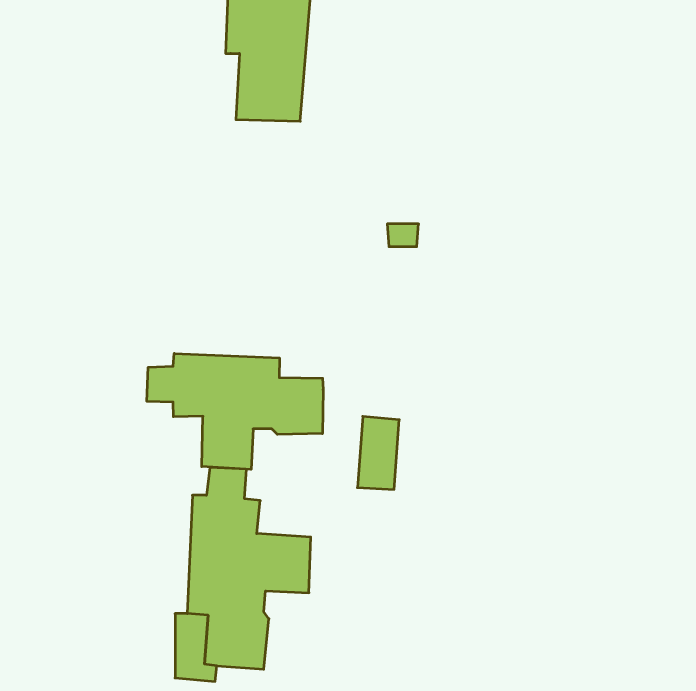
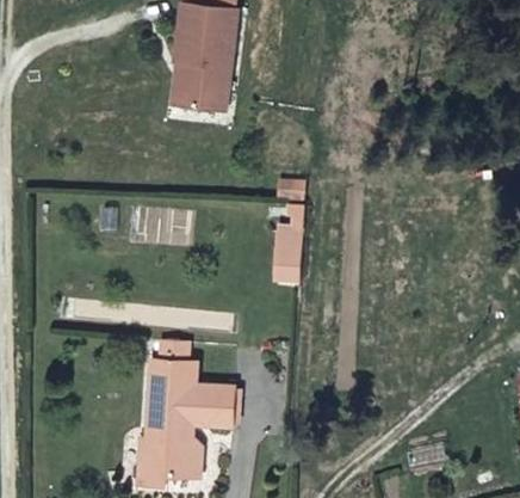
building: [147,353,323,469] -> none
building: [357,416,399,489] -> [279,226,308,276]

